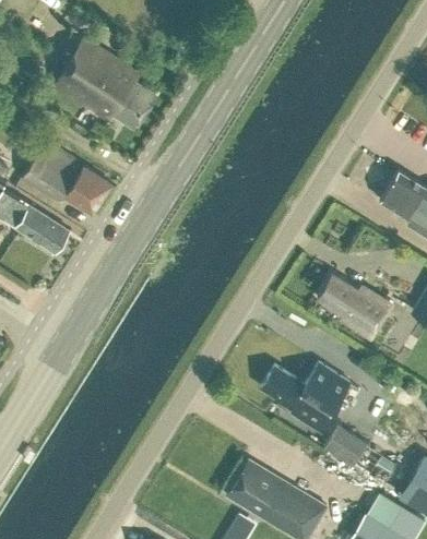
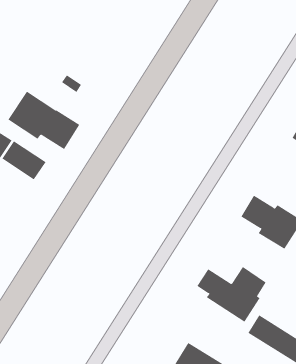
building: [51,36,156,128] -> none

